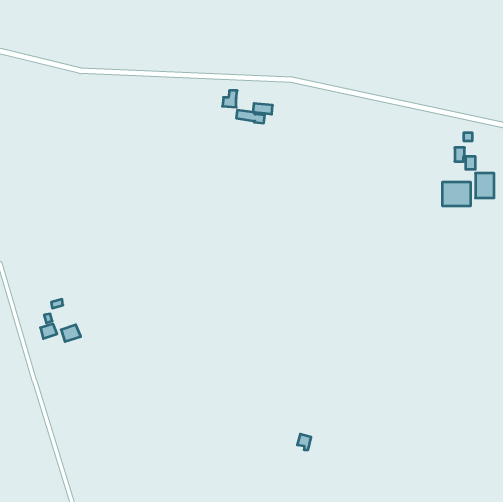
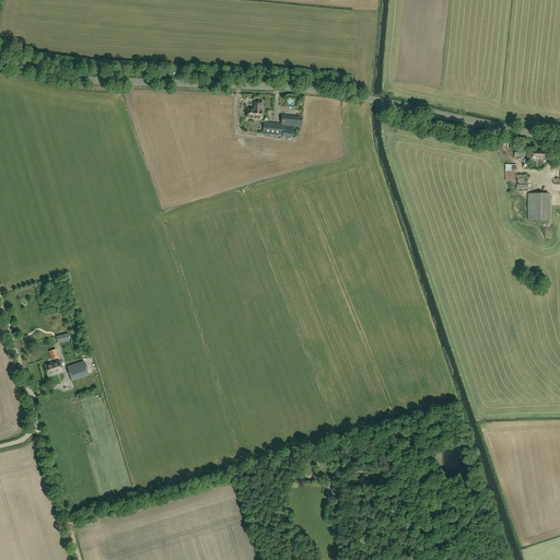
building: [443,182,470,206] -> none

